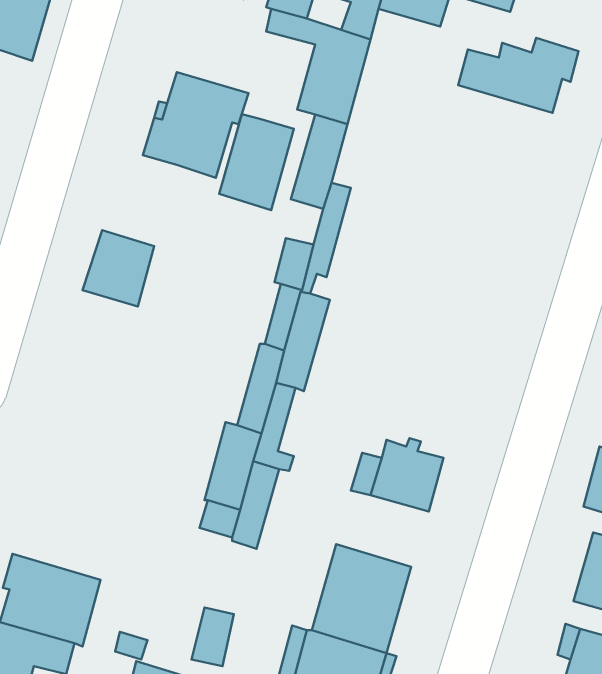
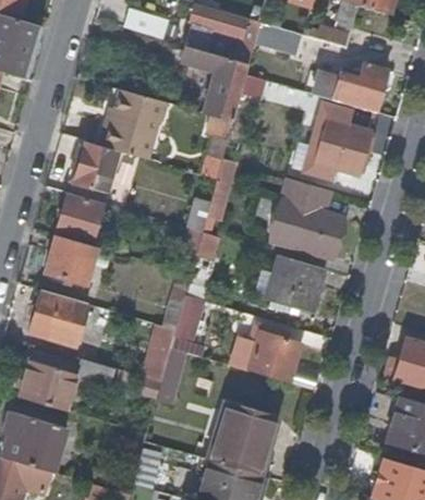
building: none -> [301,106,375,180]
building: [219,114,294,210] -> [71,141,121,205]
building: none -> [270,180,343,259]
building: none -> [47,234,99,284]
building: none -> [266,256,324,314]
building: none -> [29,291,88,344]
building: none -> [21,344,114,410]

